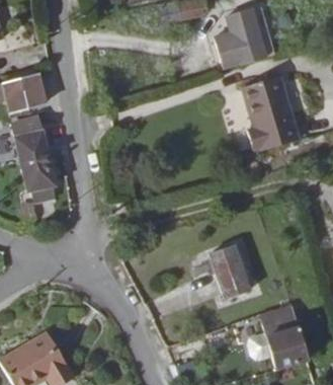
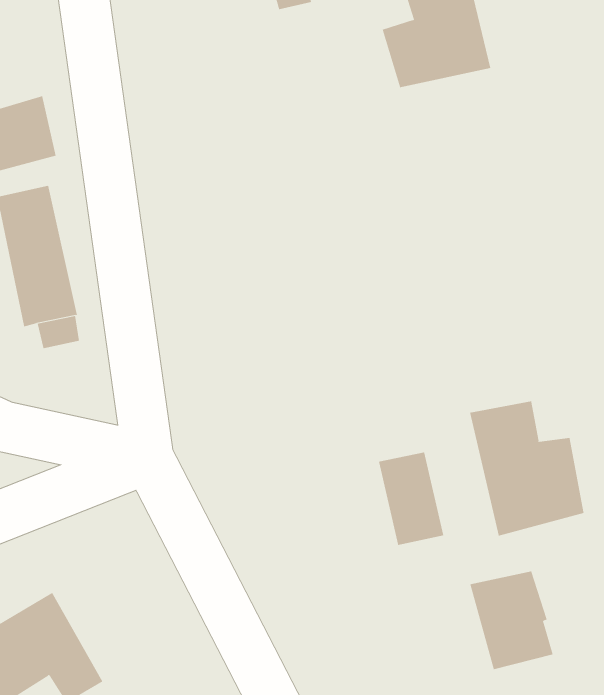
building: [248,76,303,153] -> none
building: none -> [470,400,584,536]

